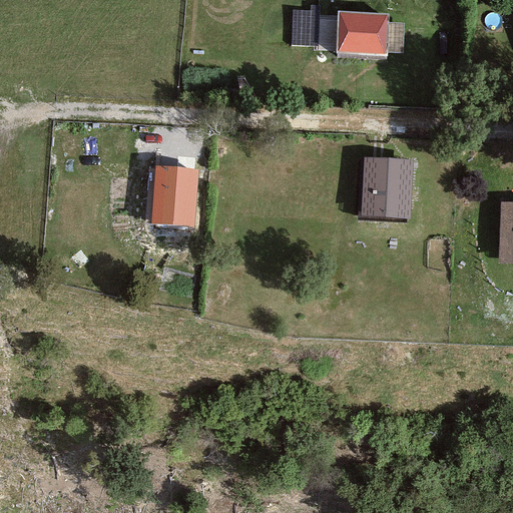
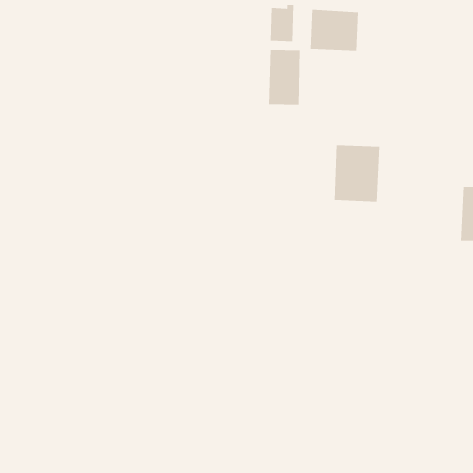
building: none -> [268,49,300,106]
building: [151,165,198,227] -> none

